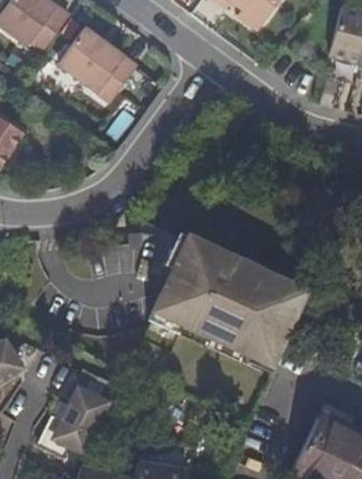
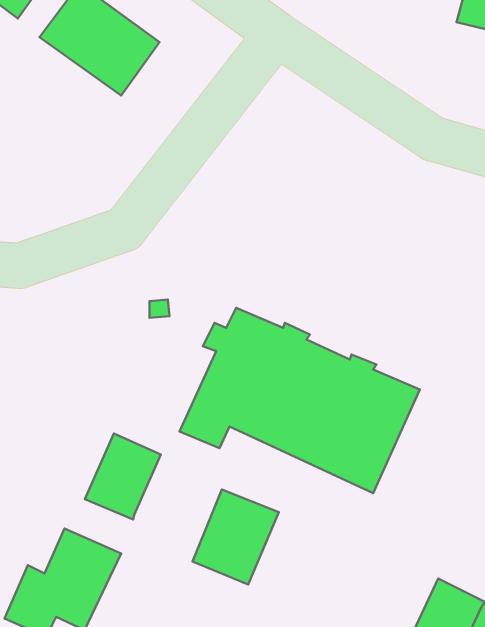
building: none -> [85,434,161,519]
building: none -> [193,490,279,585]

